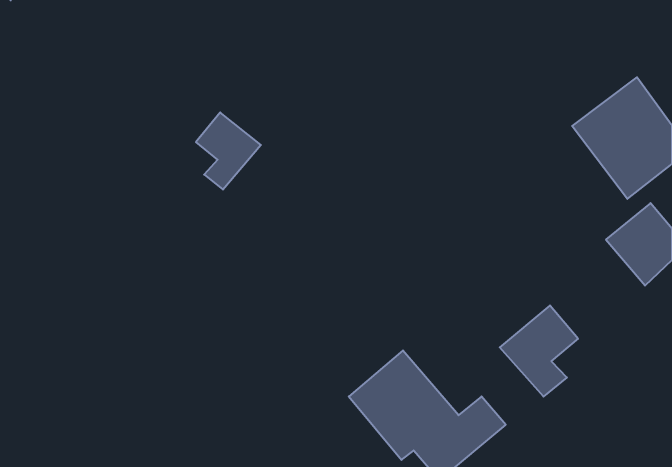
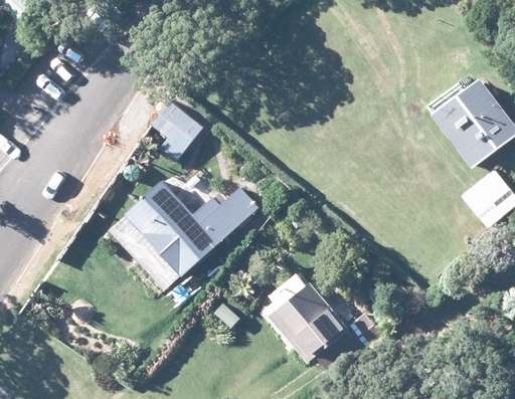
building: none -> [111,182,256,289]
building: [500,305,578,397] -> none

